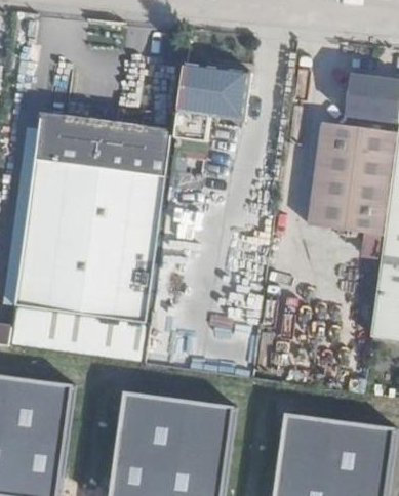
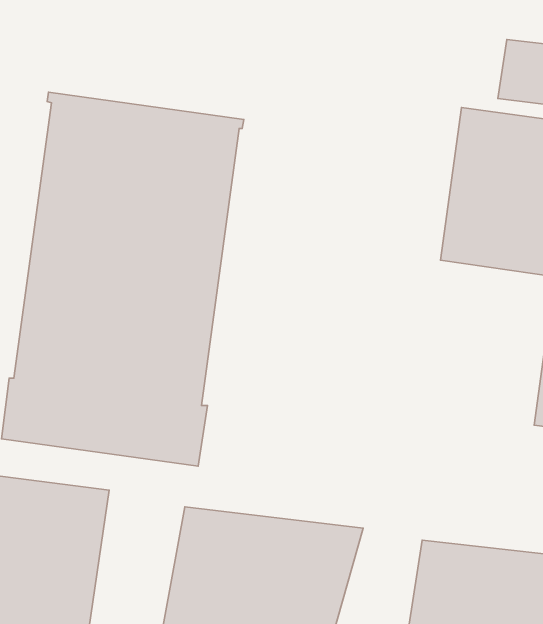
building: [170,65,246,142] -> none

